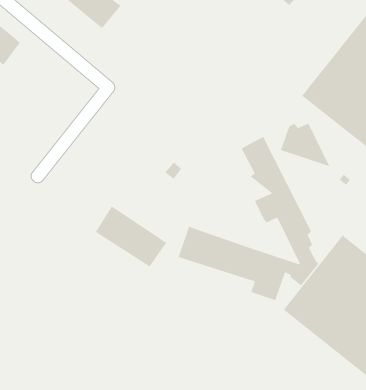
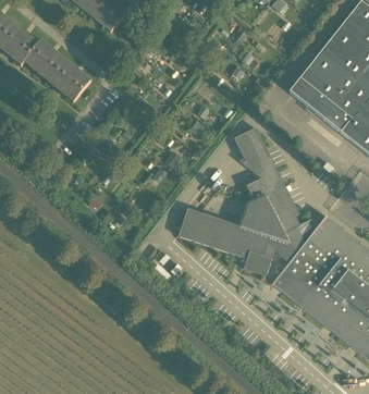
building: none -> [24,39,90,100]
building: [280,122,331,167] -> [241,200,286,241]
building: [95,205,167,267] -> none

